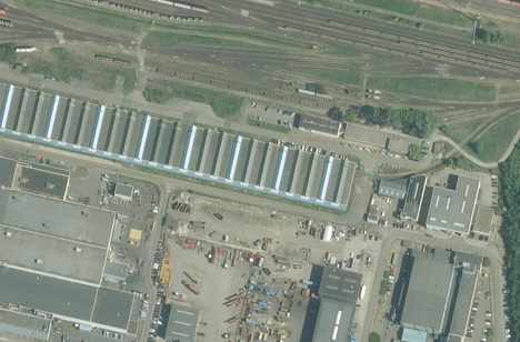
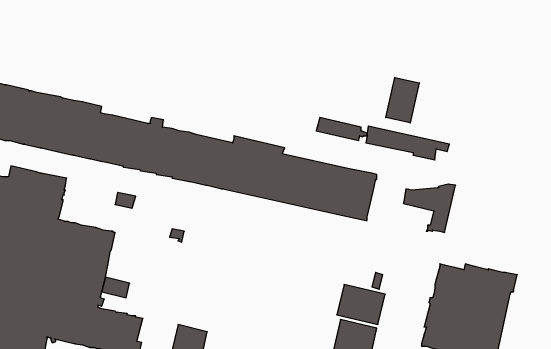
building: none -> [386,77,419,123]
building: [426,174,494,233] -> none

